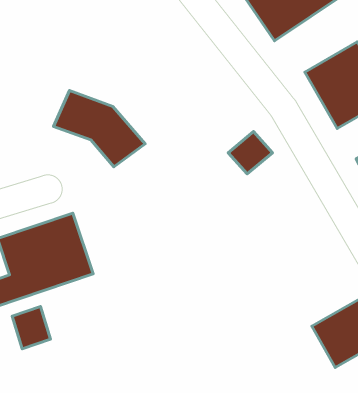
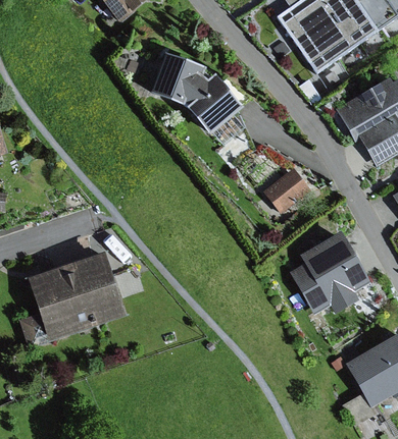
building: [53,90,145,167] -> [150,54,243,131]
building: none -> [291,230,370,312]
building: [12,307,50,349] -> none

